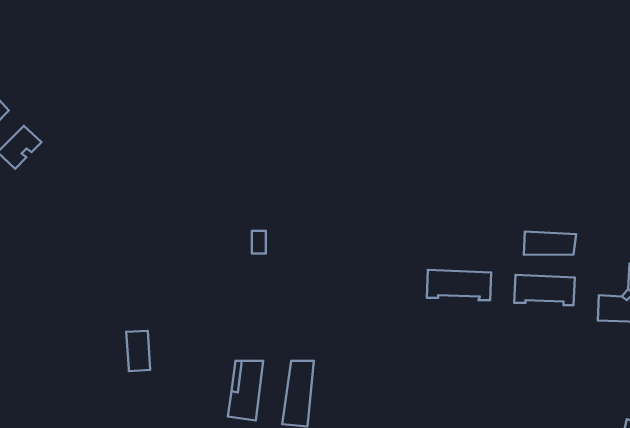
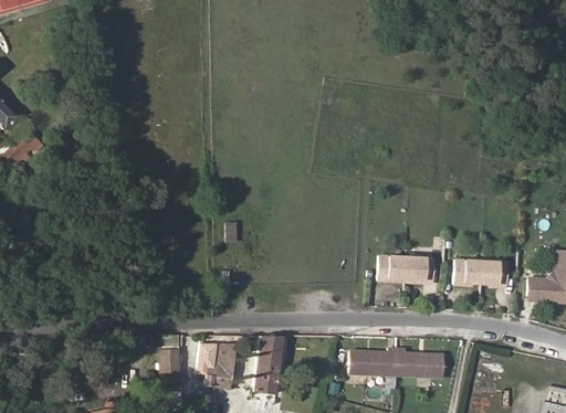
building: [524,231,576,255] -> none
building: [126,331,150,371] -> [160,345,181,380]
building: none -> [347,349,442,378]

